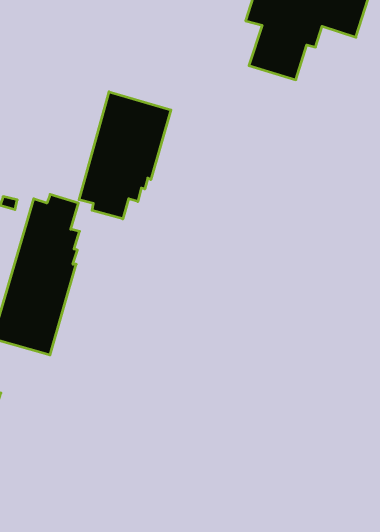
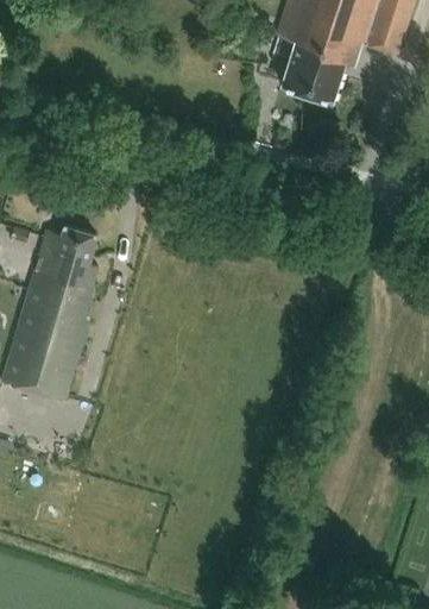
building: [79,92,171,219] -> none

